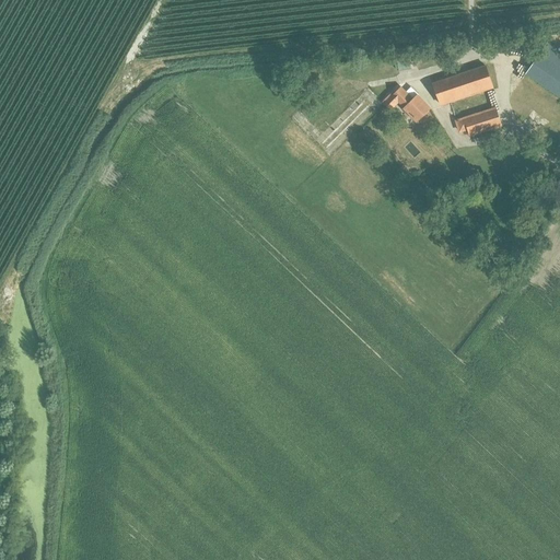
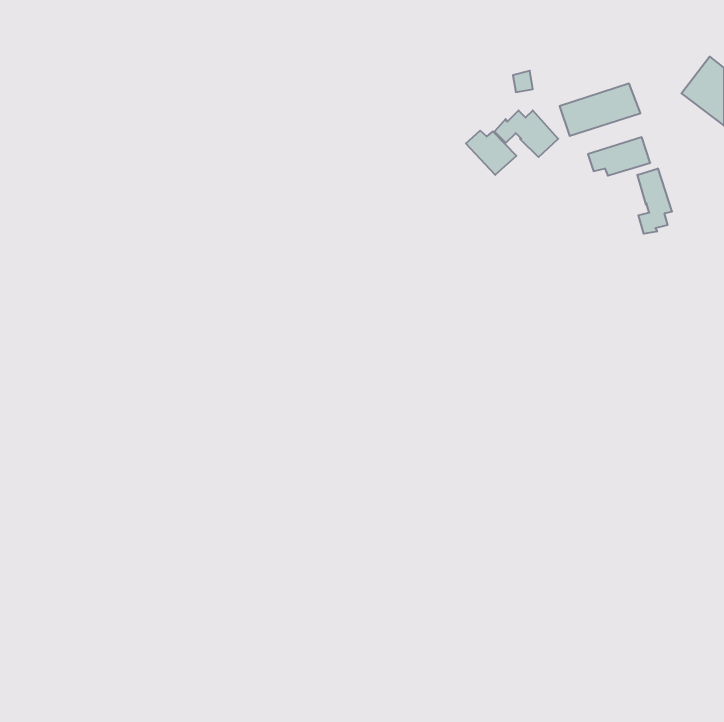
building: none -> [466,131,516,175]
building: none -> [637,168,672,234]

